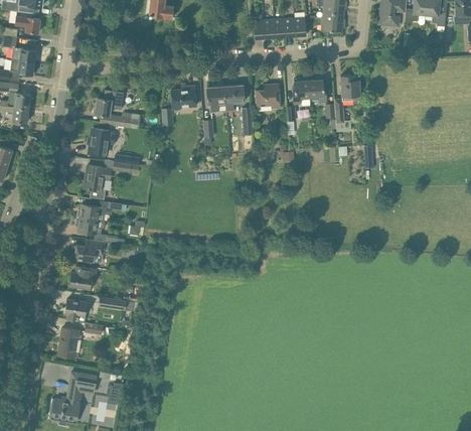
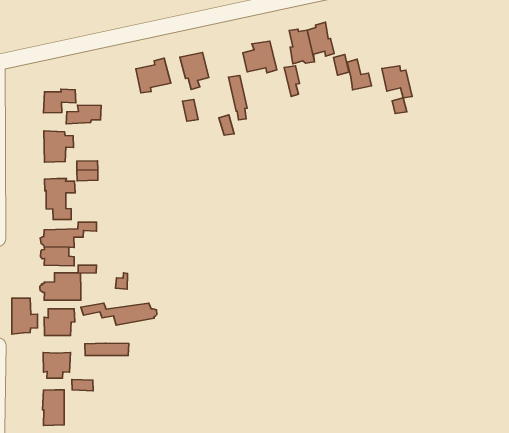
building: [340,76,360,101] -> [382,66,412,98]
building: [224,85,245,112] -> none
building: none -> [12,298,38,334]
building: none -> [81,303,157,325]

